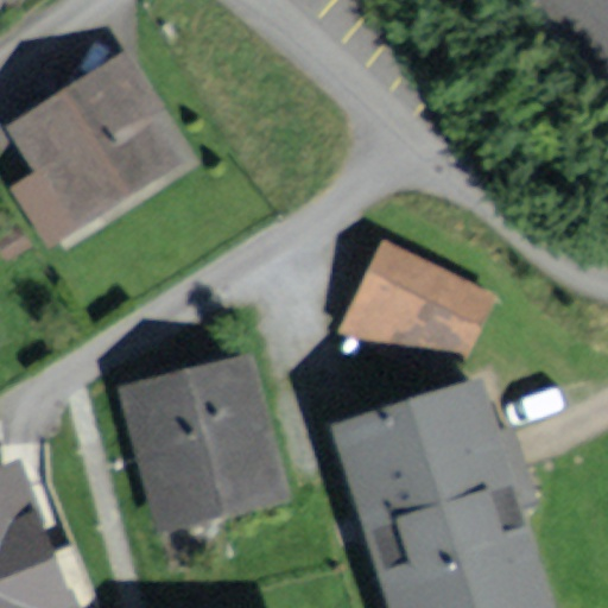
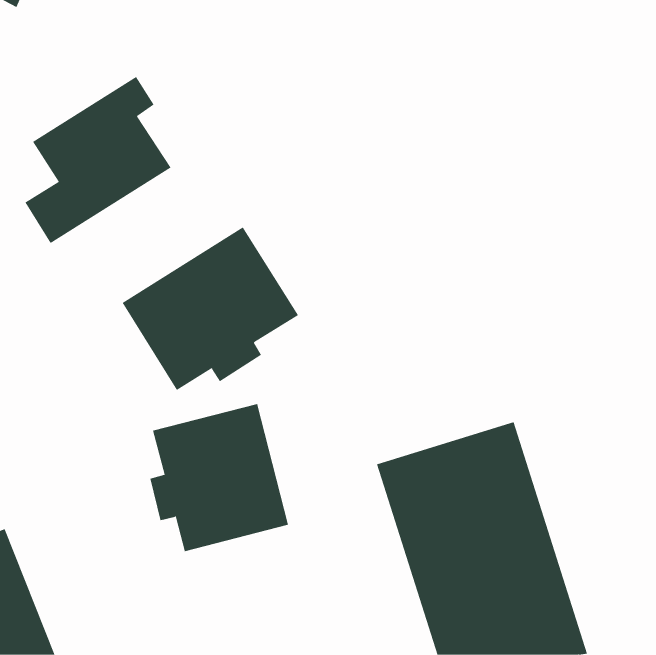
building: none -> [122,226,299,391]
building: [346,243,466,356] -> none

